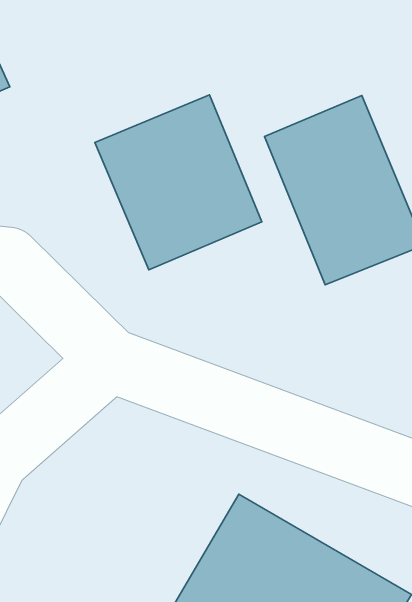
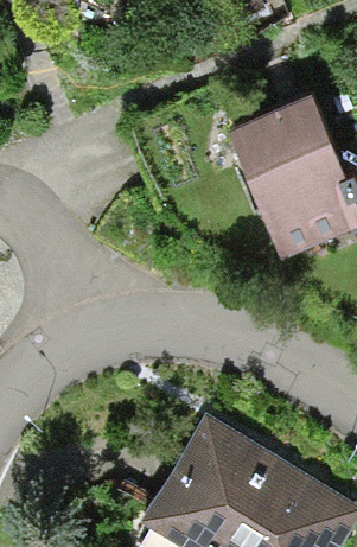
building: [95,95,262,270] -> none

